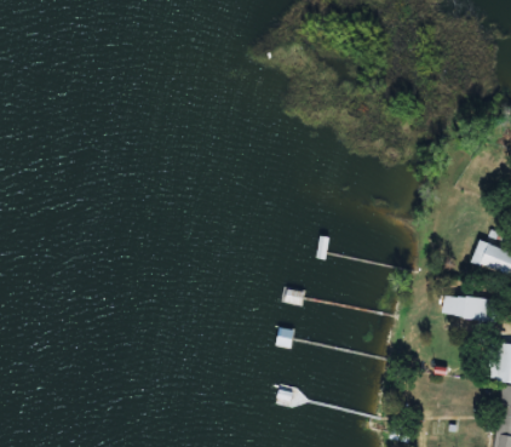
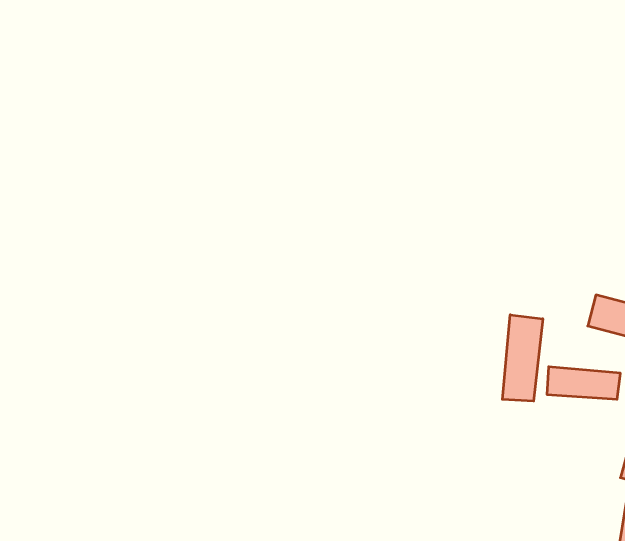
building: none -> [502,315,543,401]

